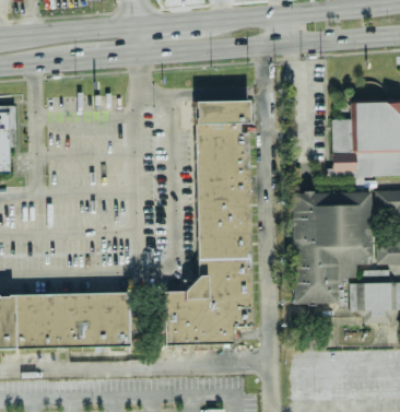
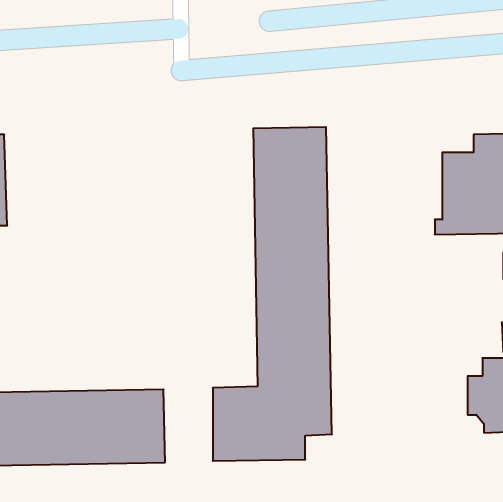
building: [293,193,372,303] -> none

